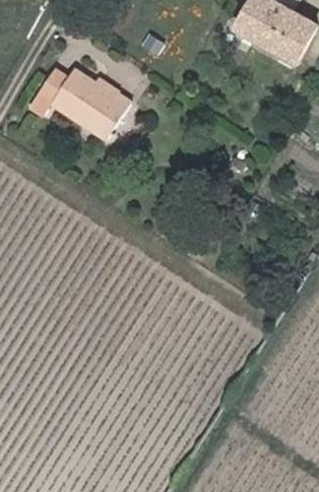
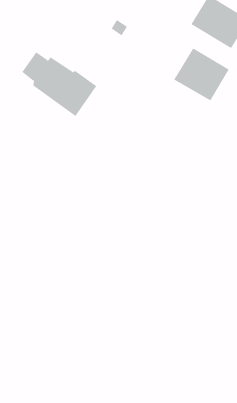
building: none -> [174,47,229,101]

